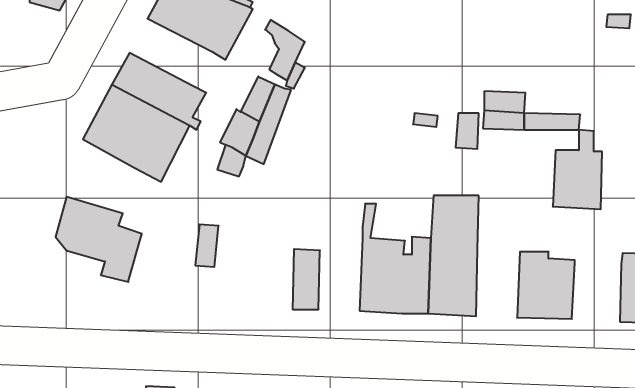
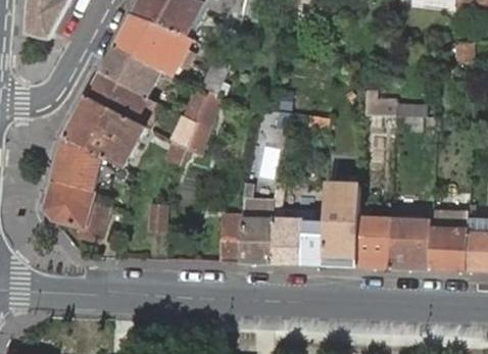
building: none -> [100,45,161,95]
building: [553,130,602,209] -> [430,211,467,270]
building: none -> [53,135,104,190]
building: none -> [241,182,274,262]
building: none -> [358,216,391,267]

